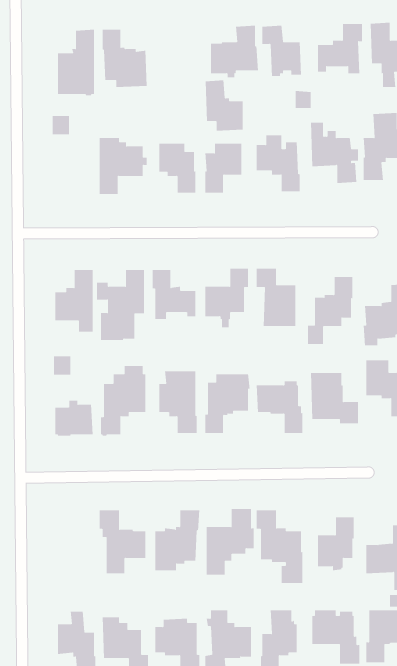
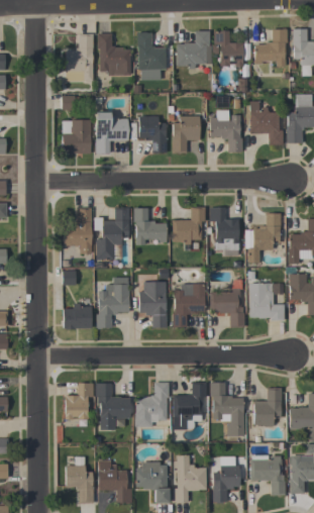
building: [205,80,244,131] -> [137,32,166,70]
building: none -> [63,119,91,153]
building: none -> [65,383,94,419]

